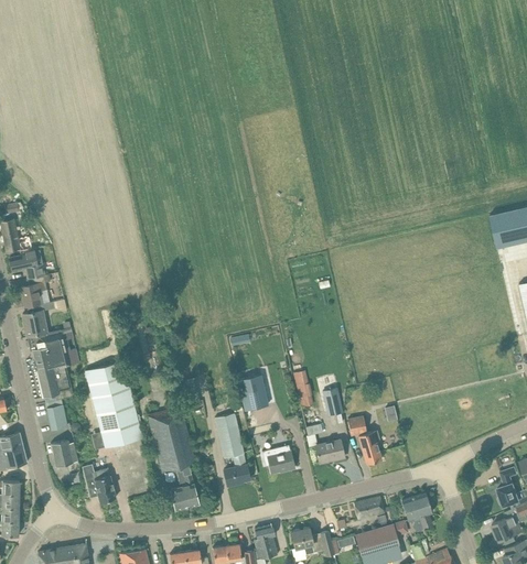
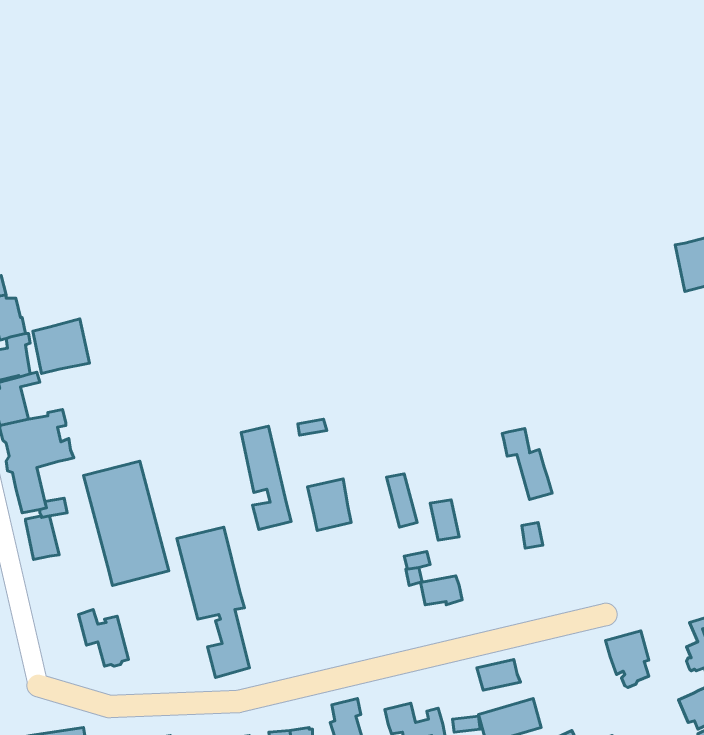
building: none -> [33,319,89,374]
building: [215,414,249,485] -> [241,426,291,529]
building: [347,416,381,465] -> [502,429,552,500]
building: [51,440,77,467] -> none
building: [261,445,294,473] -> none
building: [401,494,431,532] -> [605,631,649,687]

